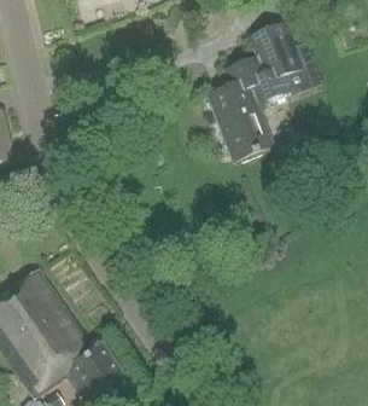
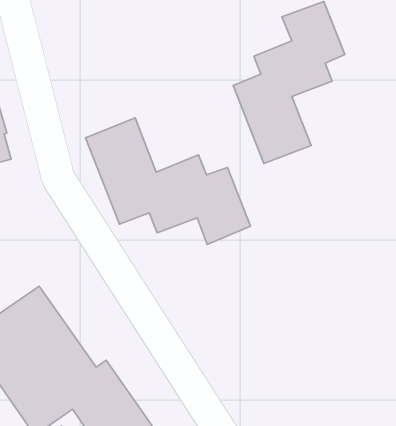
building: none -> [86,118,250,244]

